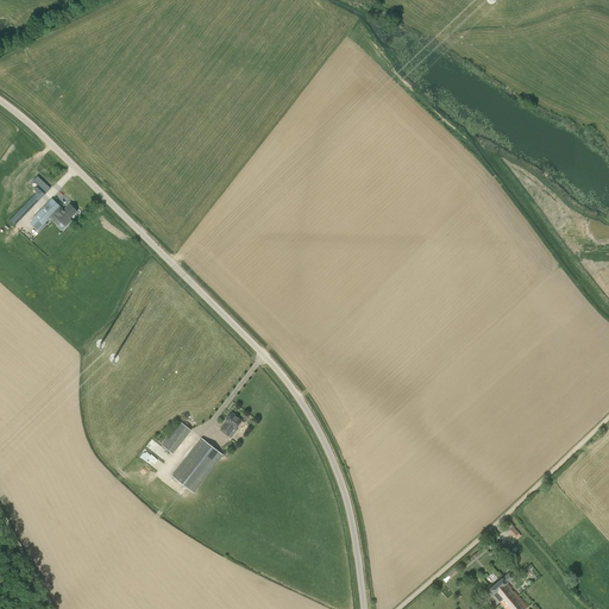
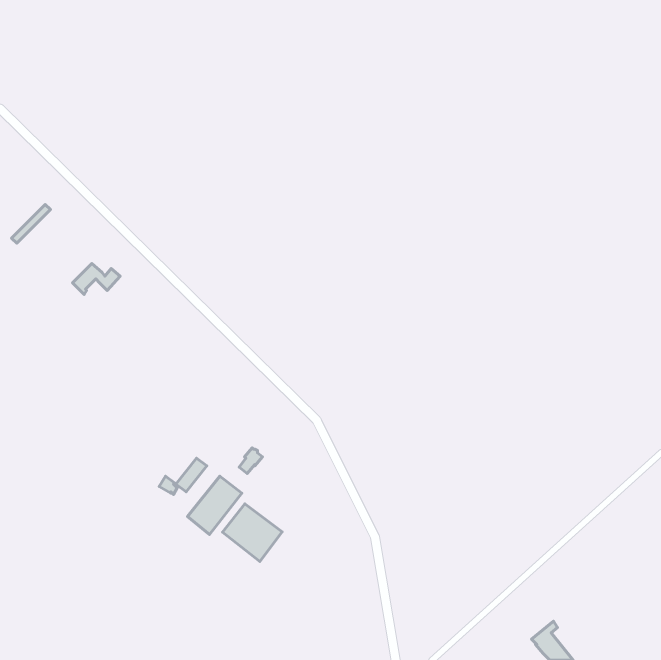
building: [33,197,77,226] -> [72,263,120,294]
building: none -> [223,504,282,561]

